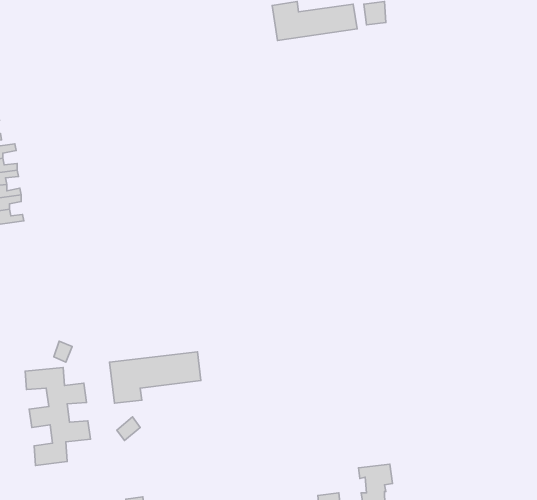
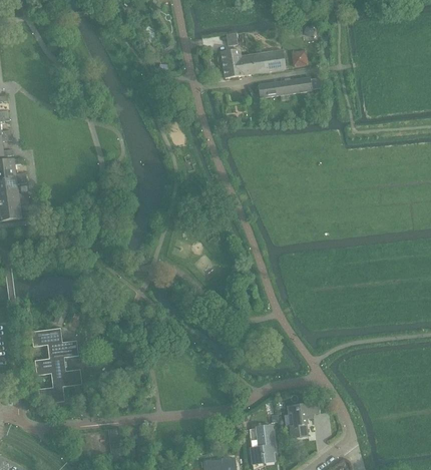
building: none -> [256,76,319,97]
building: [109,352,201,403] -> none

